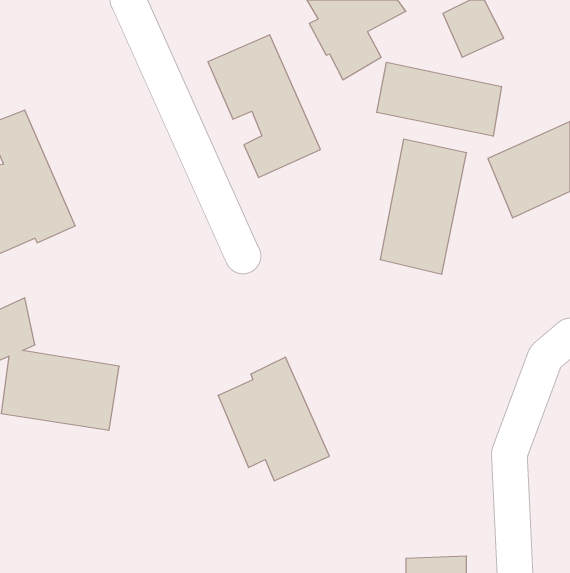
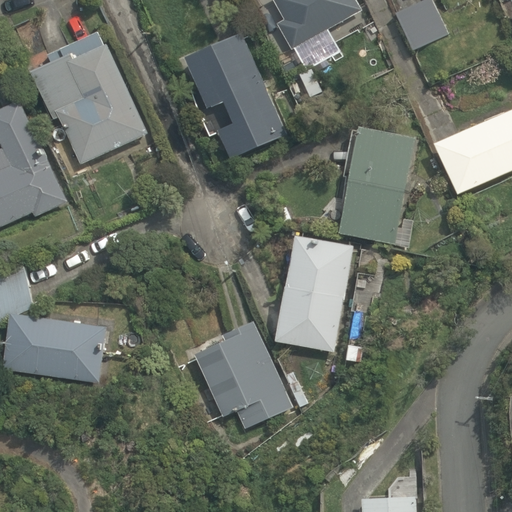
building: none -> [31,32,148,165]
building: [377,62,501,136] -> none
building: none -> [275,234,353,352]

